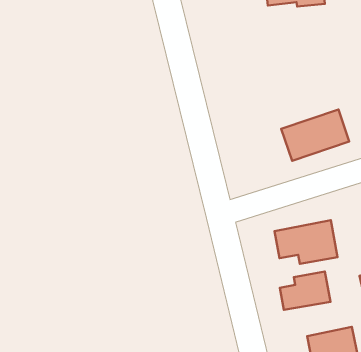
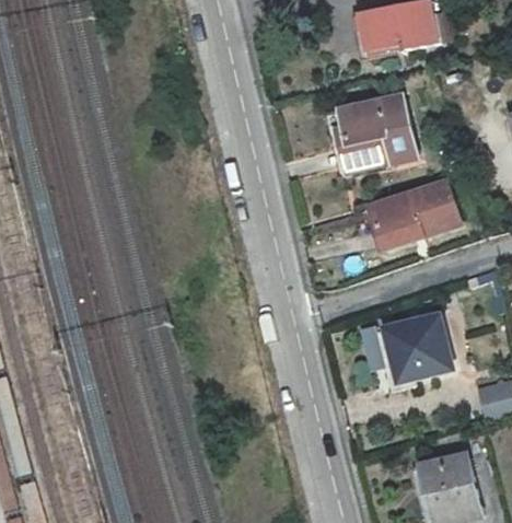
building: none -> [336,92,422,168]
building: [280,271,330,310] -> none

